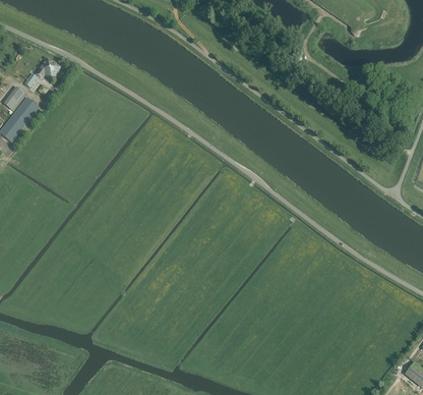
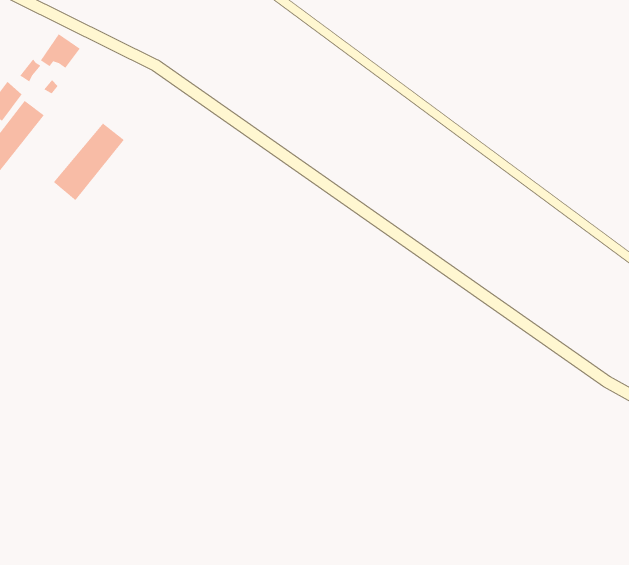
building: none -> [53,122,125,201]

